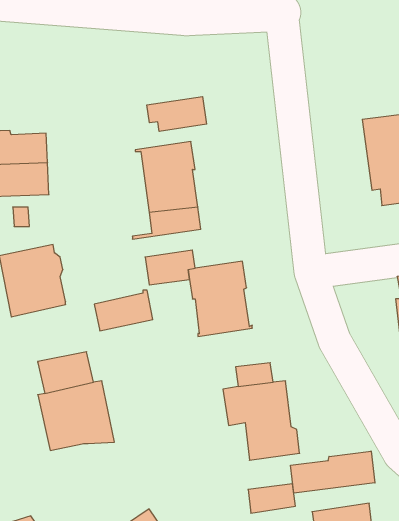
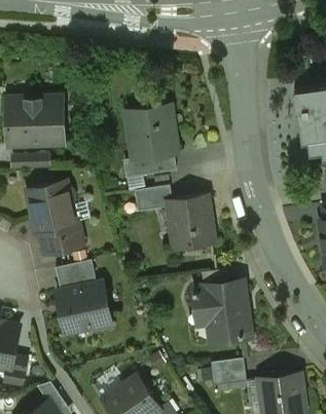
building: [147,97,207,131] -> none
building: [94,290,153,331] -> [40,224,83,254]
building: [291,451,375,493] -> none

